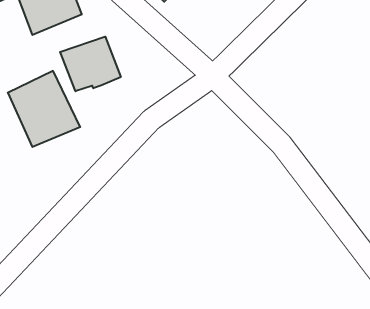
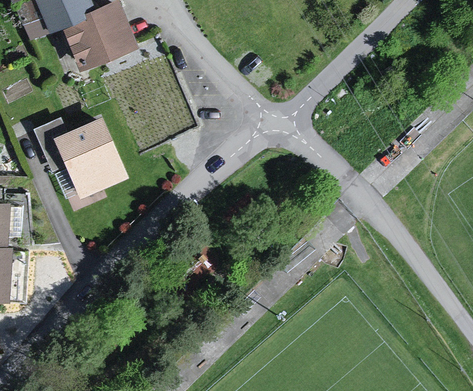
building: [60,37,121,91] -> none

